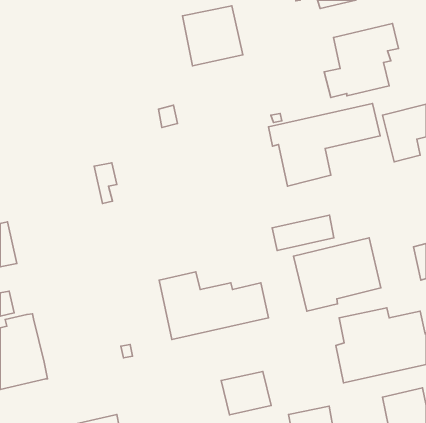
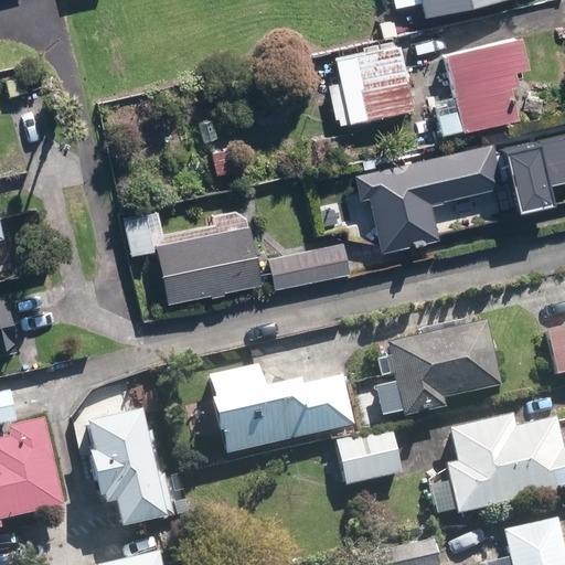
building: [183,6,243,66] -> [333,43,413,122]
building: none -> [157,223,265,301]
building: [272,215,334,250] -> [268,250,350,297]
building: none -> [88,406,169,526]
building: [221,371,271,415] -> [335,430,402,488]

